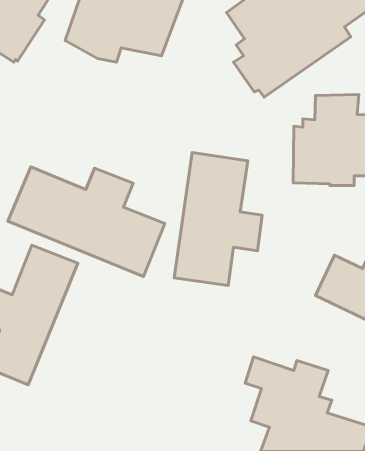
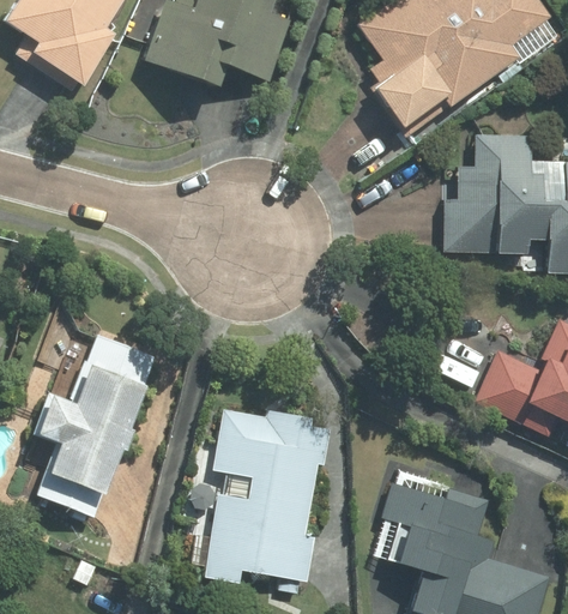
building: [174,152,262,286] -> none
building: [8,167,165,276] -> none
building: none -> [201,408,332,585]

